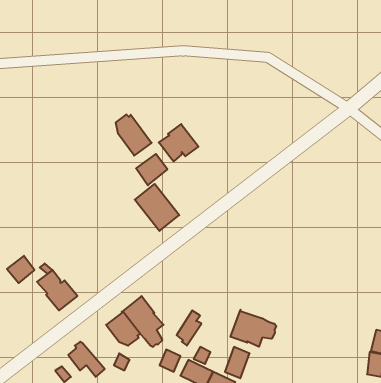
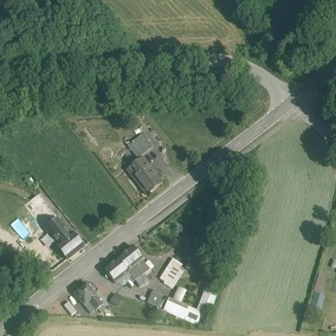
building: [116,114,152,156] -> none
building: [159,124,198,161] -> none
building: [231,310,276,347] -> none

